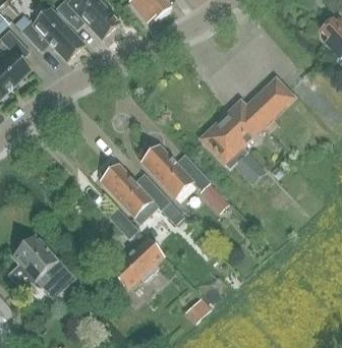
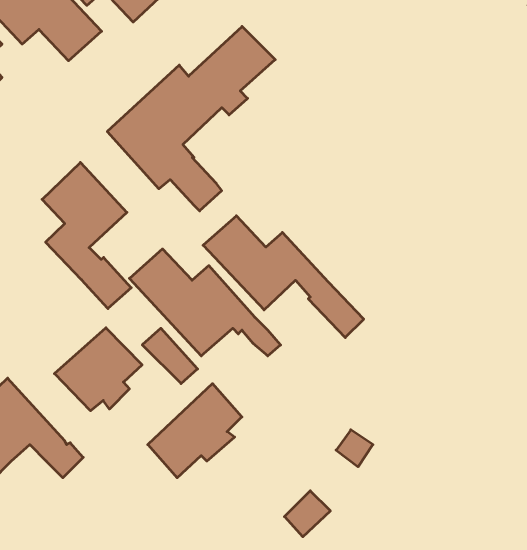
building: [201,80,293,182] -> [107,26,275,211]
building: none -> [42,162,131,309]
building: none -> [54,328,142,411]

